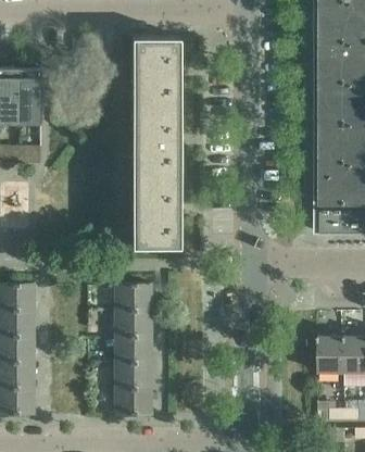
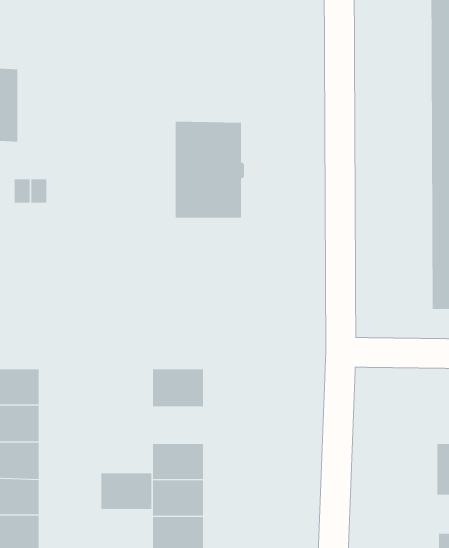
building: [131,37,181,106] -> none
building: [20,68,41,121] -> none
building: [131,175,181,247] -> none
building: [115,310,152,336] -> [100,473,152,509]

